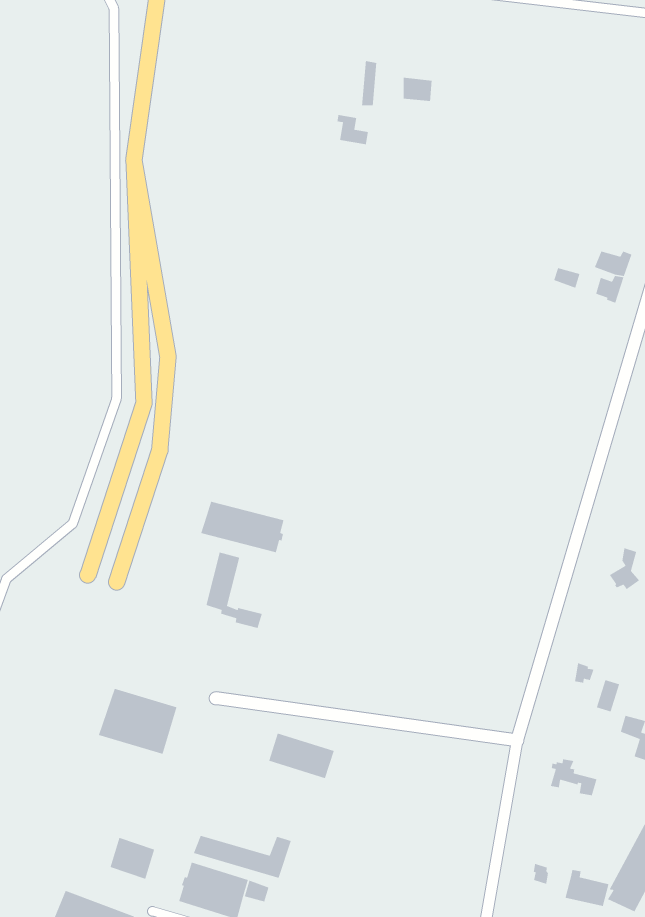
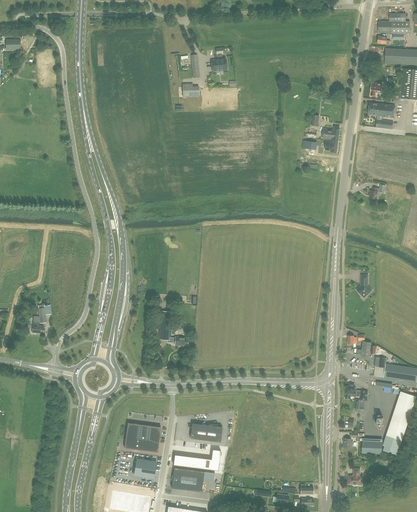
building: [200,501,284,553] -> none
building: [98,688,177,755] -> [123,422,160,451]
building: [268,732,335,779] -> [189,422,221,441]

